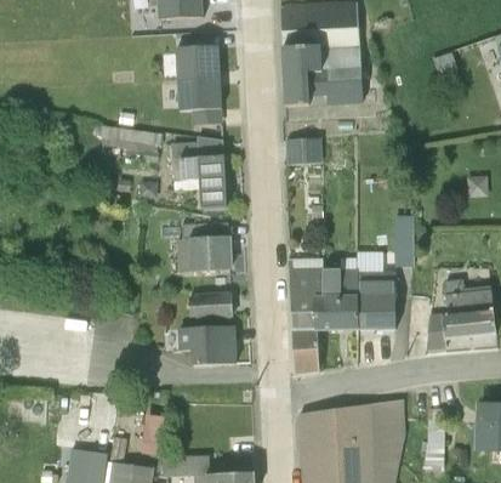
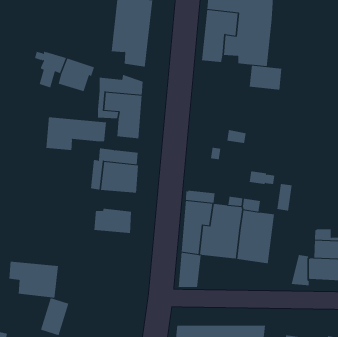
building: [284,137,321,164] -> [249,65,282,90]
building: none -> [46,117,106,151]
building: [177,326,235,365] -> [8,261,59,298]

